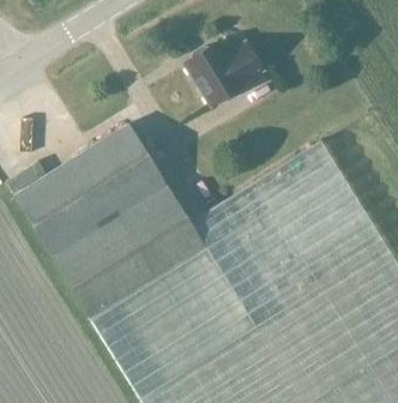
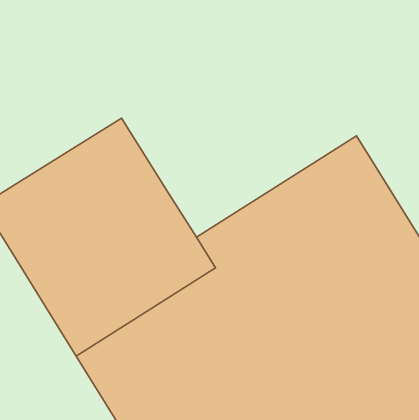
building: [185,42,263,106] -> none

